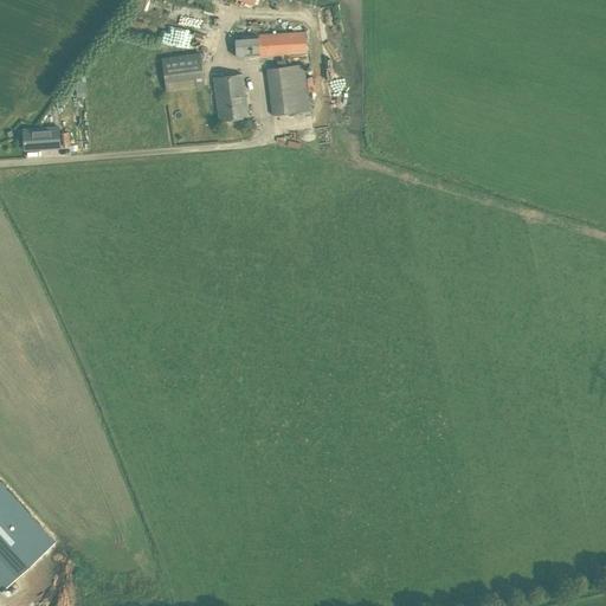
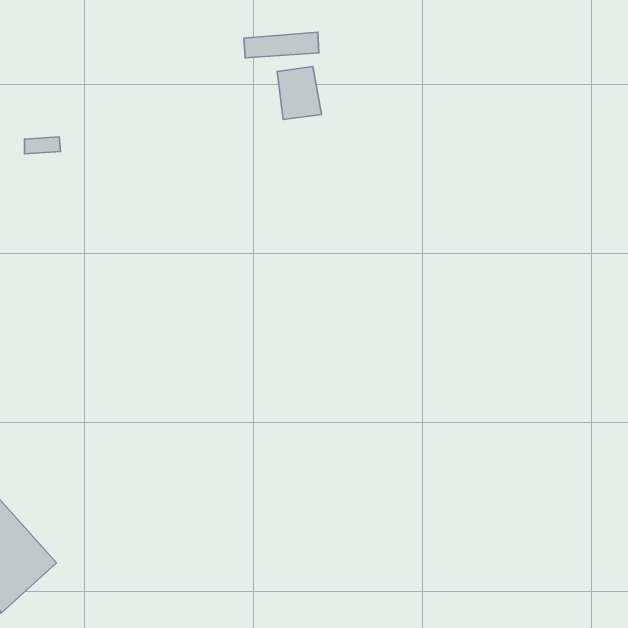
building: [162,52,202,90] -> none
building: [213,73,246,120] -> none

